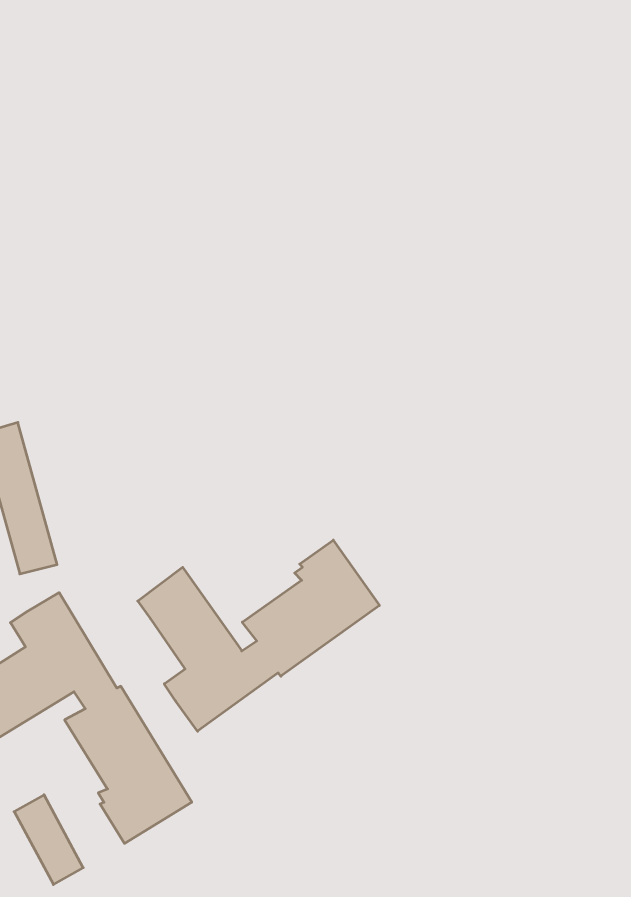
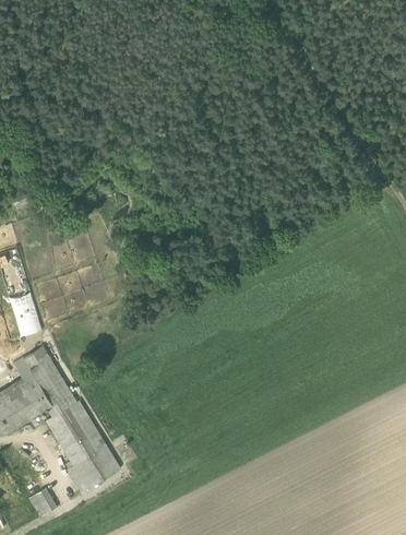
building: [138,540,379,731] -> none

